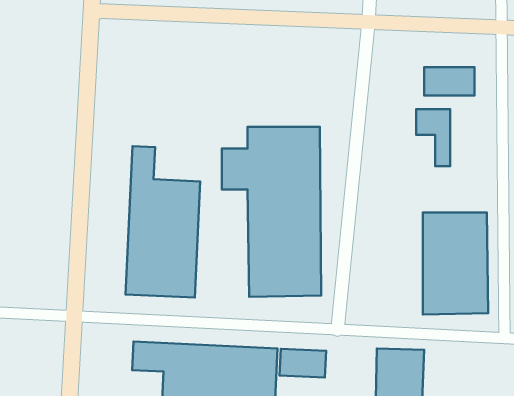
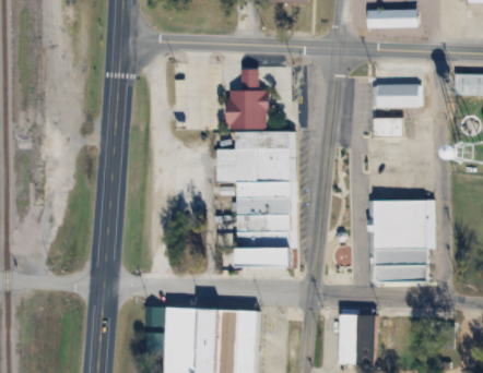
building: none -> [227,68,269,130]
building: [125,146,200,298] -> none
building: [280,349,326,378] -> none

